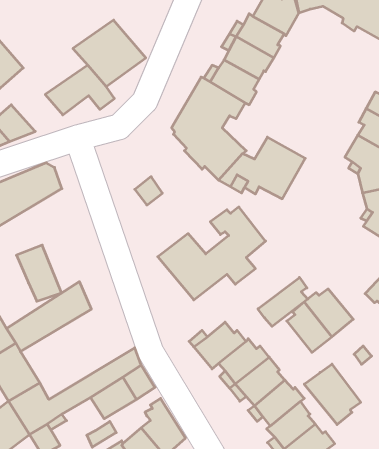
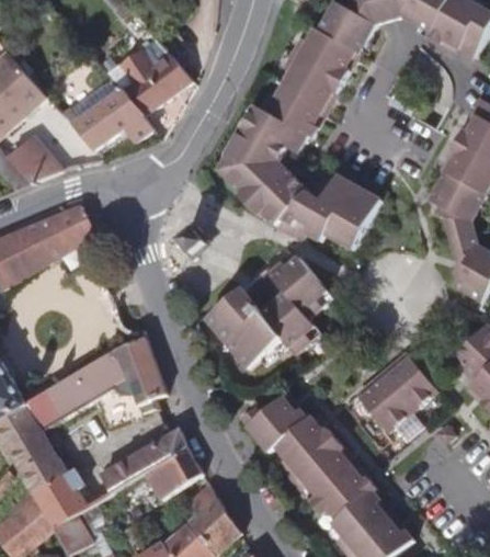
building: [16,245,62,301] -> [112,336,166,402]
building: [258,277,308,326] -> none
building: [304,364,361,425] -> none

